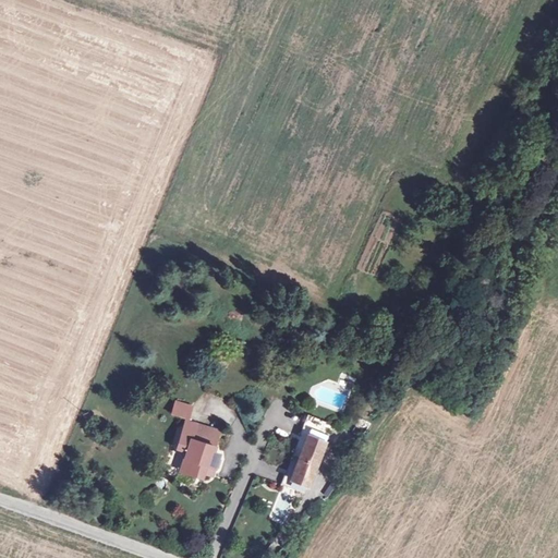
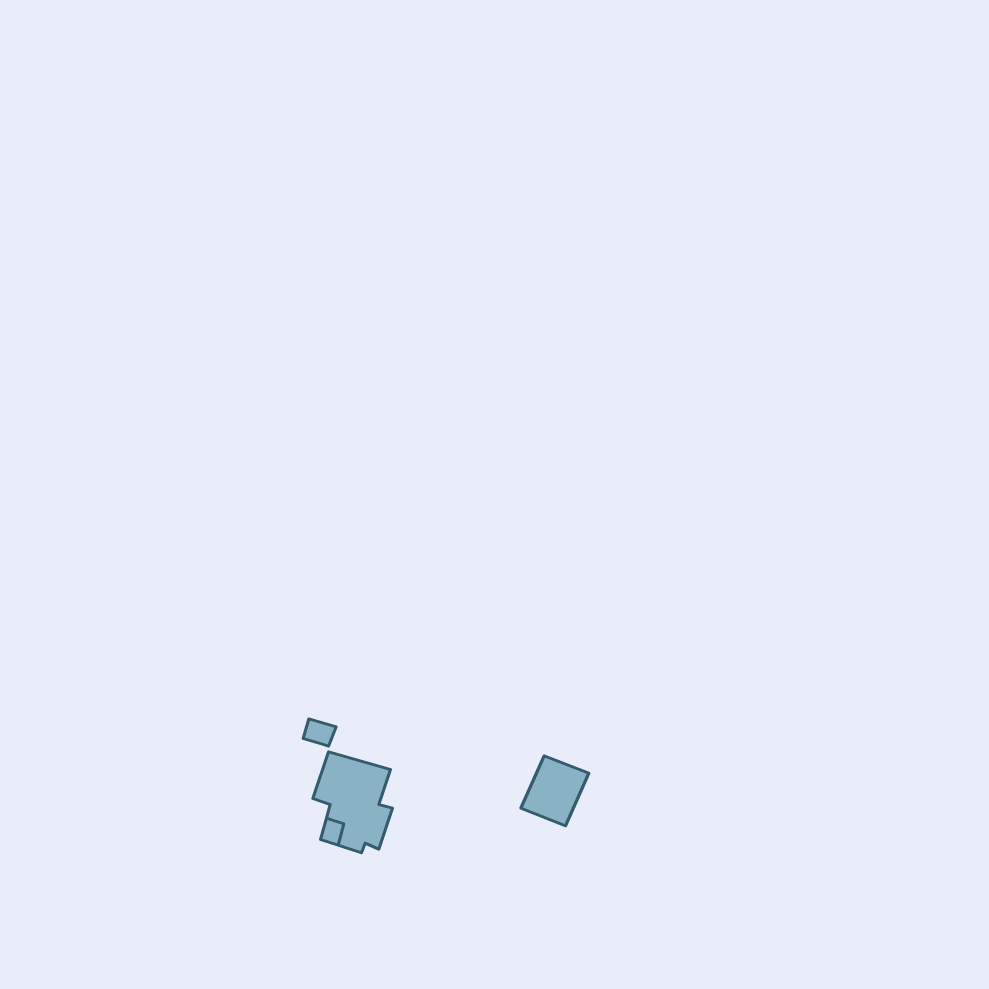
building: [282,453,319,493] -> none

